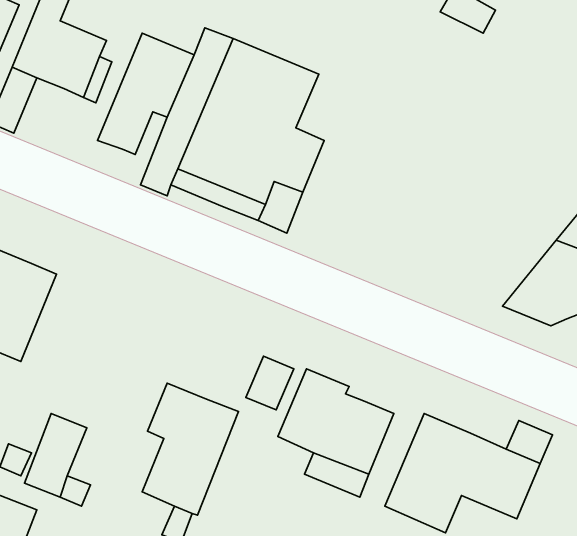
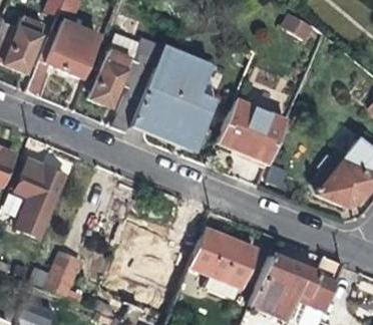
building: none -> [219,99,287,165]

